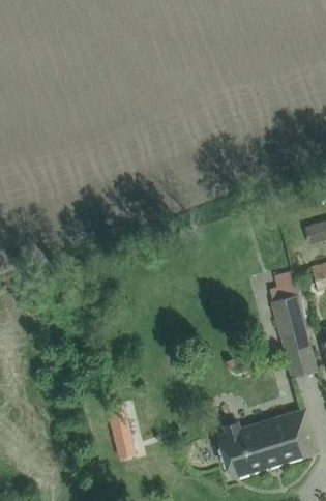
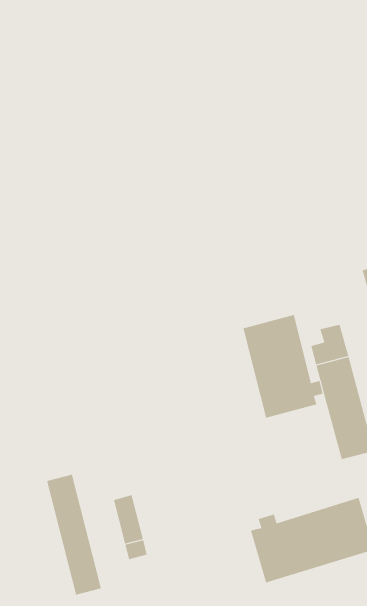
building: none -> [243,314,323,419]
building: none -> [46,474,102,595]

